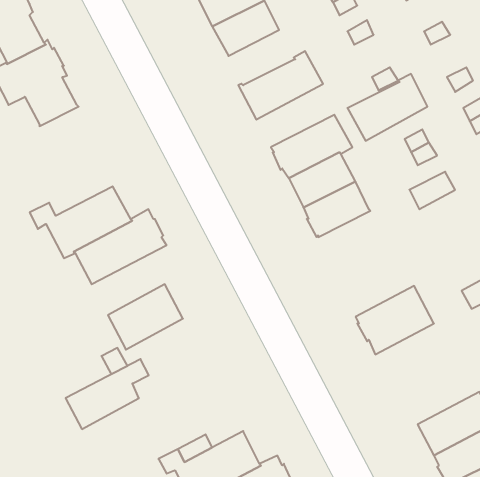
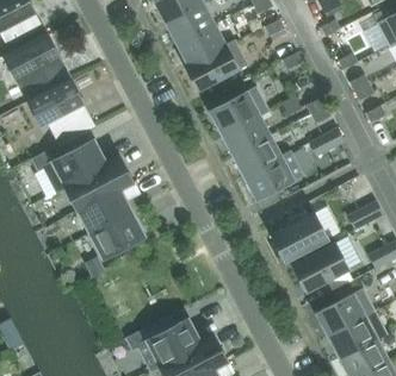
building: none -> [178,25,227,65]
building: [347,74,427,141] -> [243,151,302,200]
building: none -> [27,79,95,145]
building: none -> [292,242,348,292]
building: [66,359,149,429] -> [78,182,138,233]

